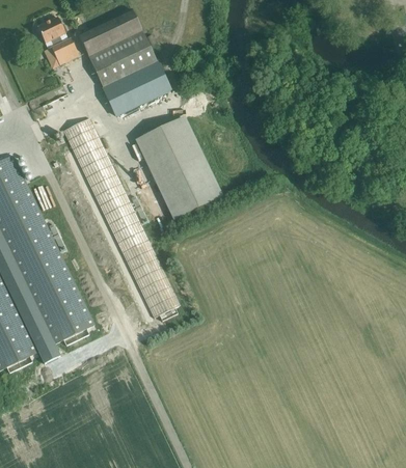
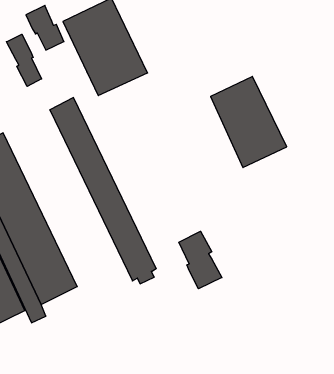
building: none -> [6,34,42,86]
building: [138,118,221,218] -> [211,76,287,168]
building: none -> [179,231,222,289]

